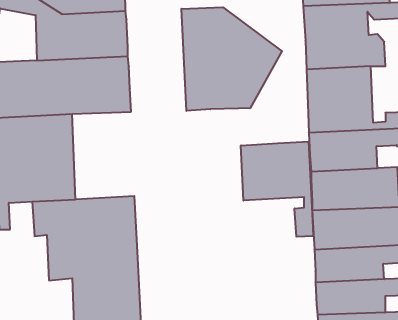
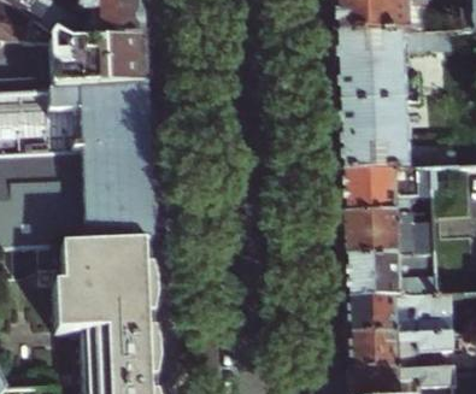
building: [181,7,282,111] -> none
building: none -> [84,146,152,241]
building: [241,141,313,237] -> none

